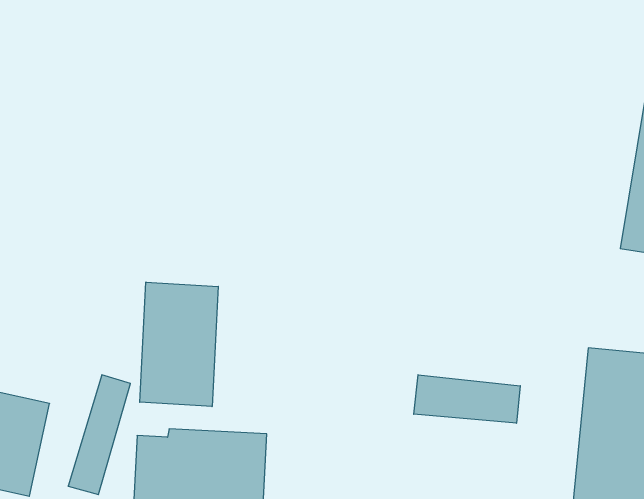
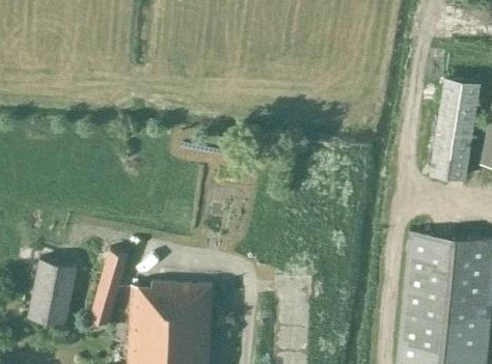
building: [140,282,218,407] -> none
building: [414,375,520,423] -> none

